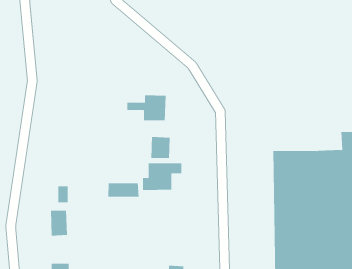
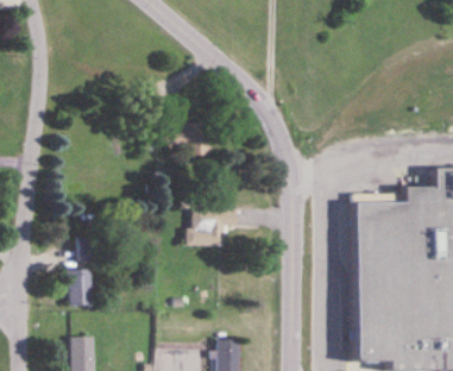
building: [151,136,170,159] -> none
building: [108,182,139,197] -> none

